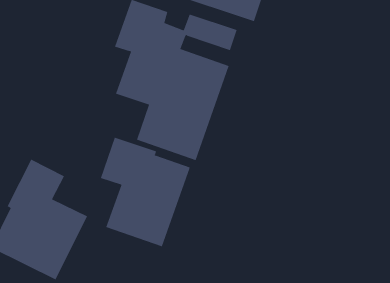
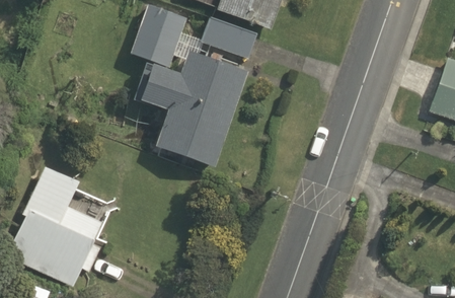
building: [100,137,191,247] -> none

